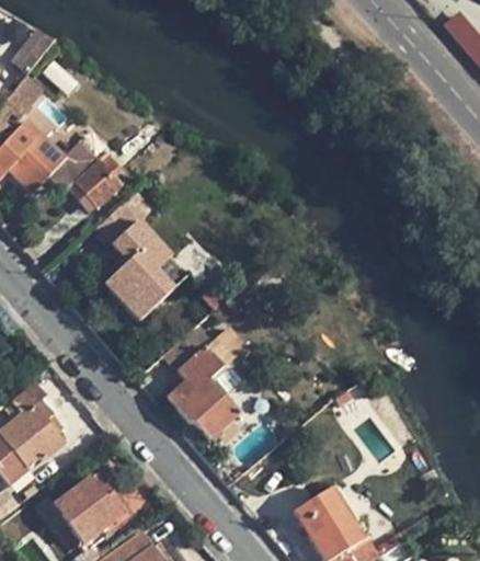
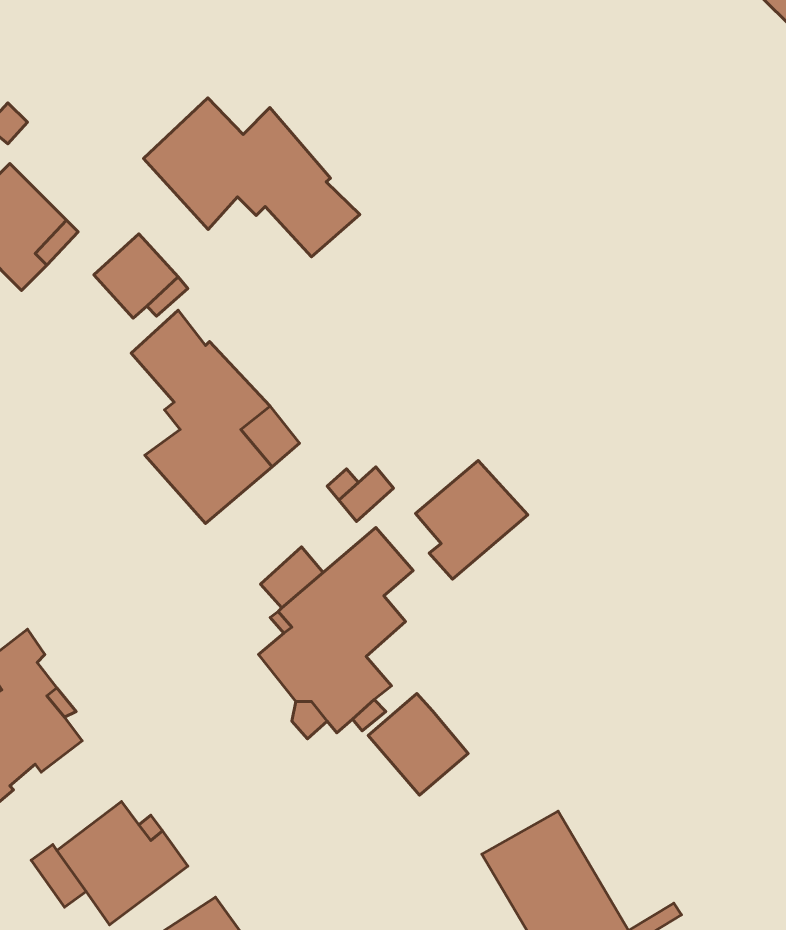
building: none -> [143,98,360,257]
building: none -> [416,461,528,579]
building: none -> [368,694,468,795]

